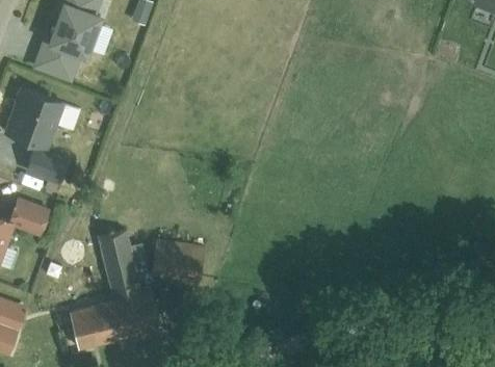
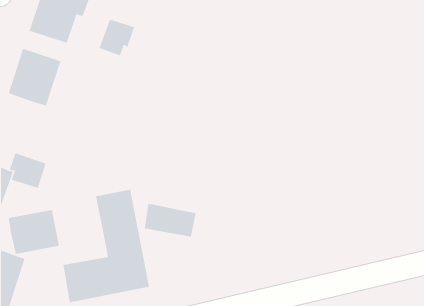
building: none -> [98,18,135,56]
building: [26,142,68,180] -> none
building: none -> [8,209,60,255]

